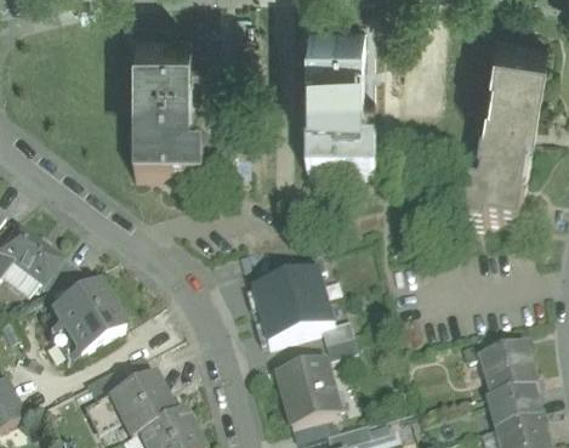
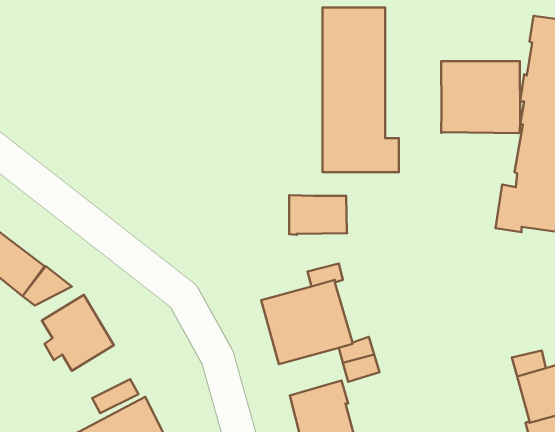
building: [135,33,203,181] -> none
building: none -> [441,61,520,133]
building: none -> [289,195,347,235]

